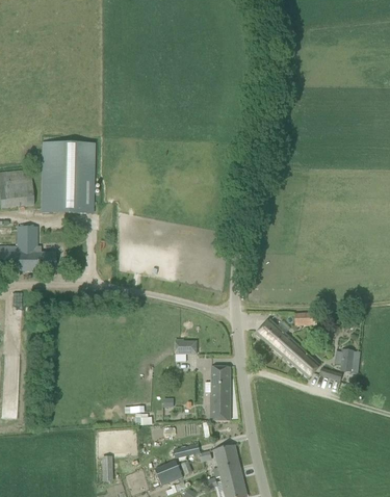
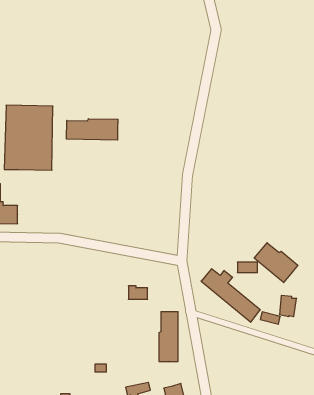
building: none -> [67,119,118,140]
building: none -> [254,243,298,283]

